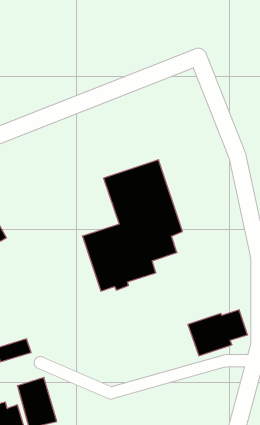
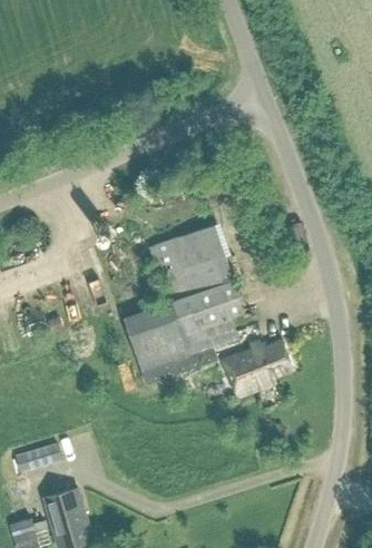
building: [188,310,248,356] -> [223,342,295,398]

